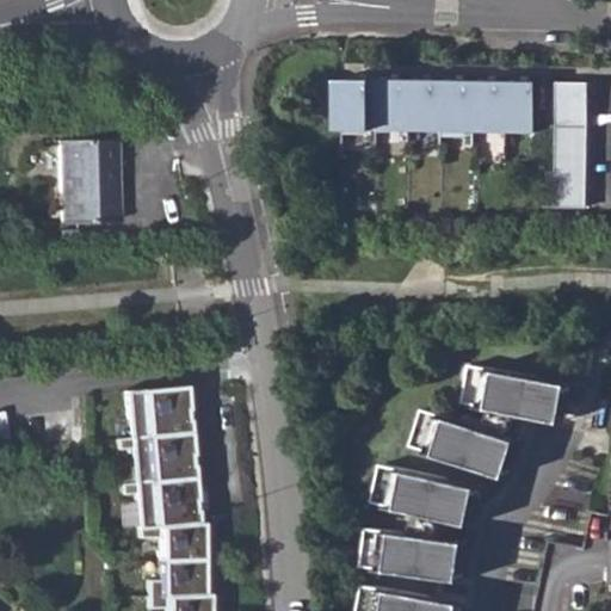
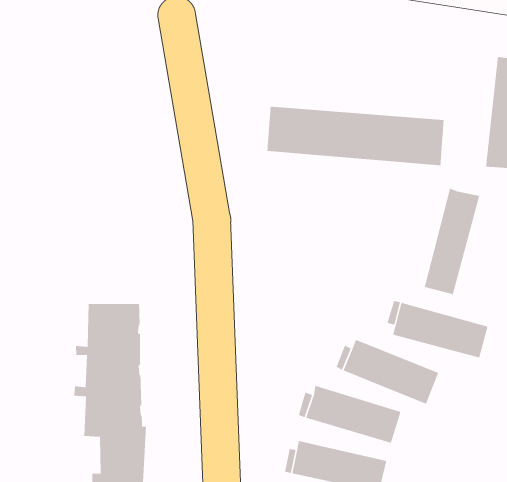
building: [337,81,533,135] -> [267,106,444,166]
building: [60,141,119,227] -> none
building: none -> [424,187,480,295]

